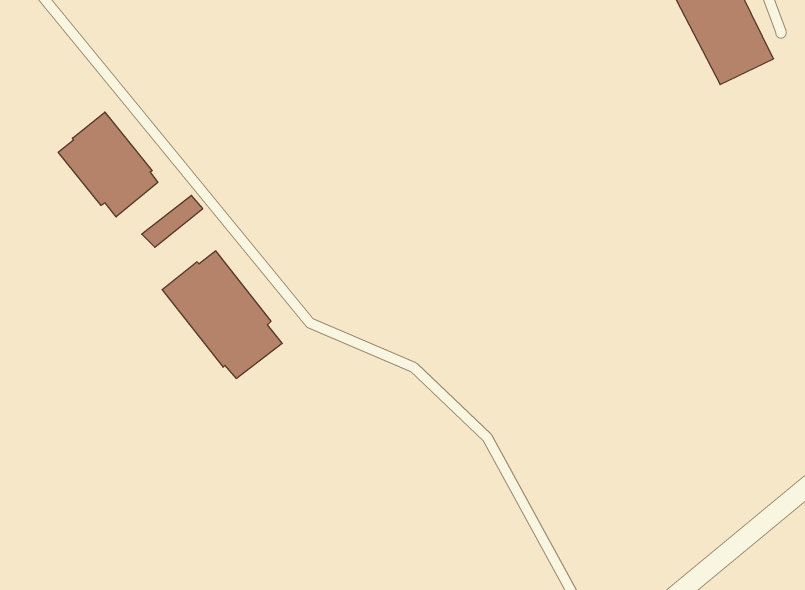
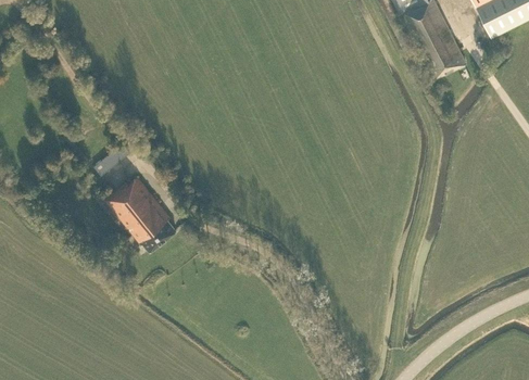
building: [58,112,158,217] -> none

